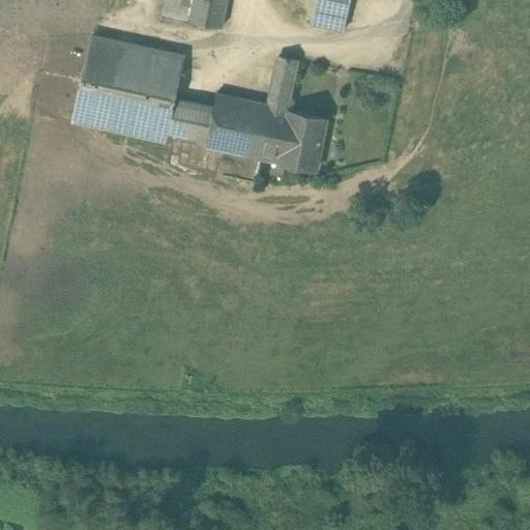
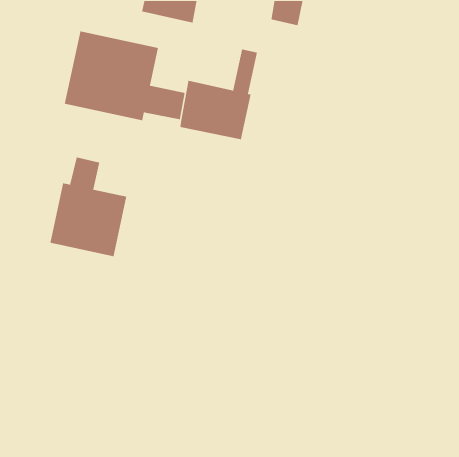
building: [278,111,326,172] -> none
building: none -> [49,156,127,257]

